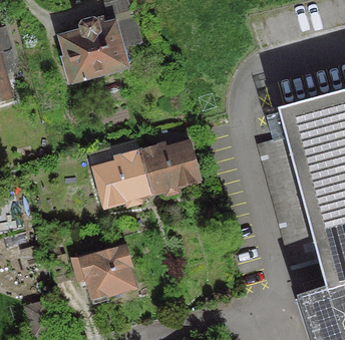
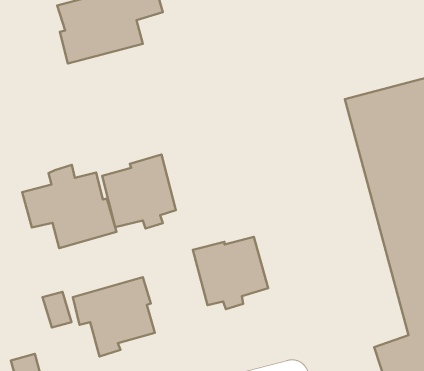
building: [138,140,196,196] -> [193,237,268,309]
building: none -> [22,165,117,248]

